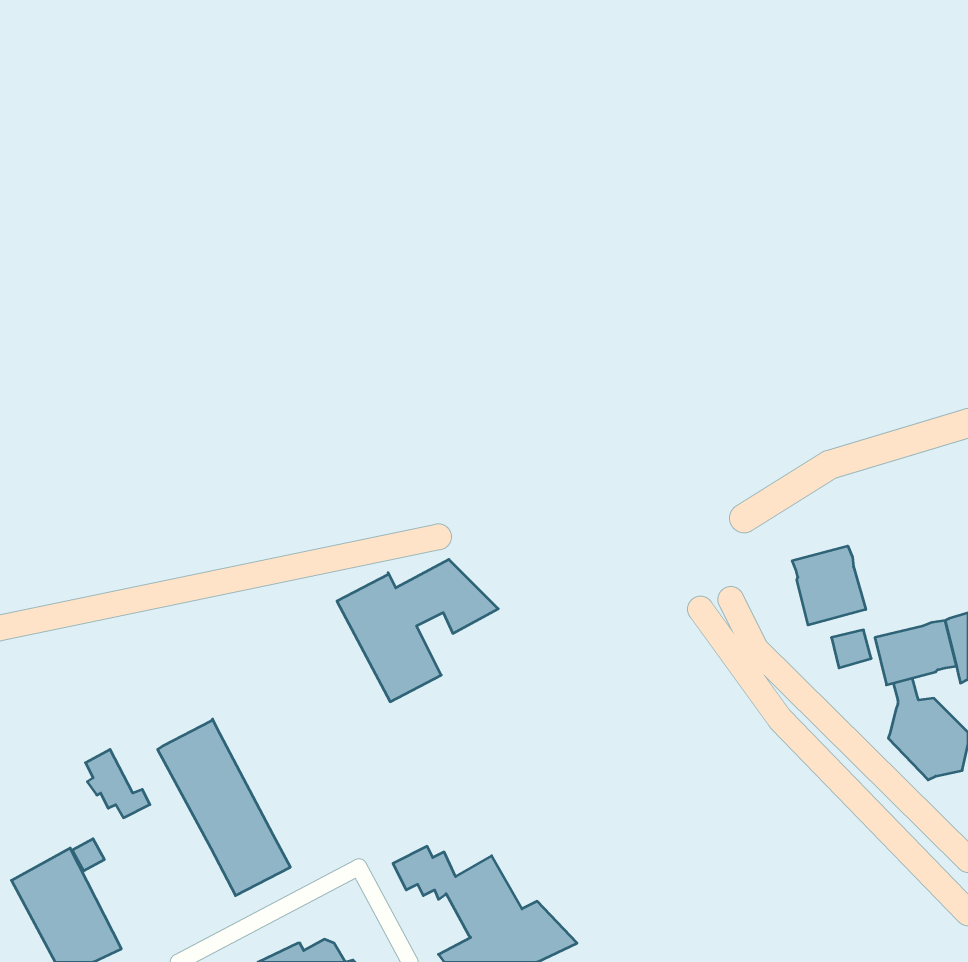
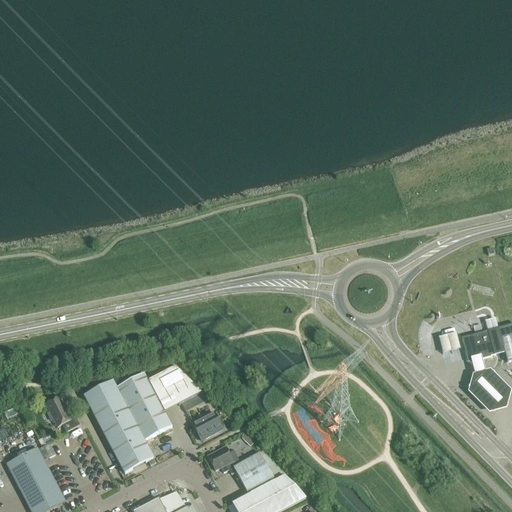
building: [792,546,866,625] -> none
building: [337,559,498,702] -> [116,365,201,440]
building: none -> [192,410,222,438]

